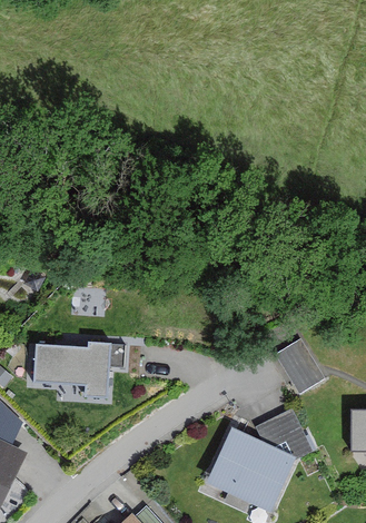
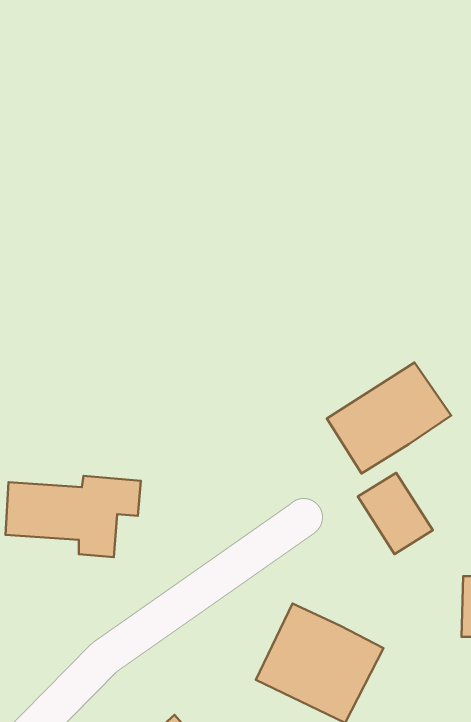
building: none -> [327,362,451,473]
building: [256,412,311,462] -> none

